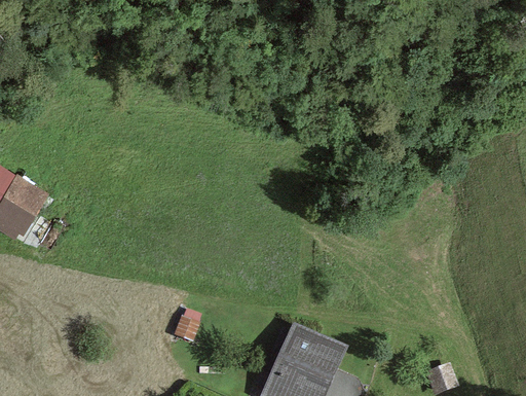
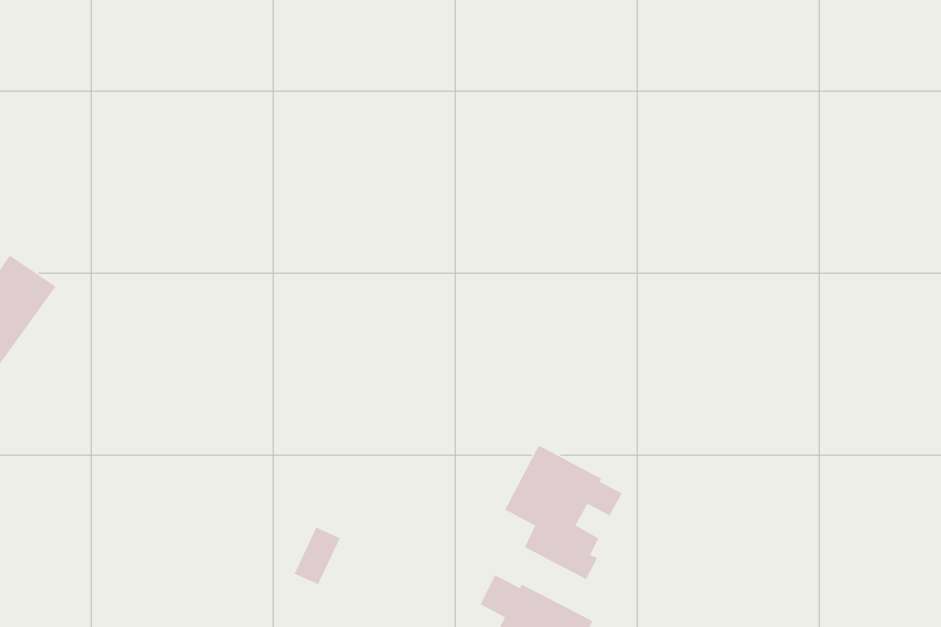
building: none -> [504,444,623,580]

